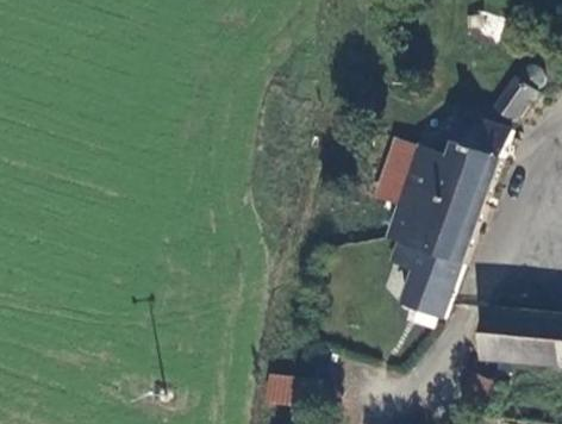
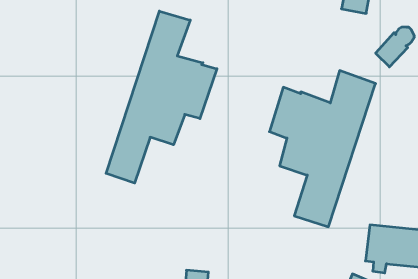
building: none -> [106,11,217,183]

